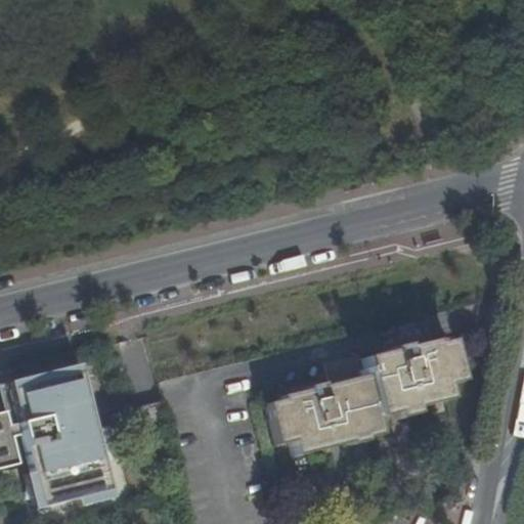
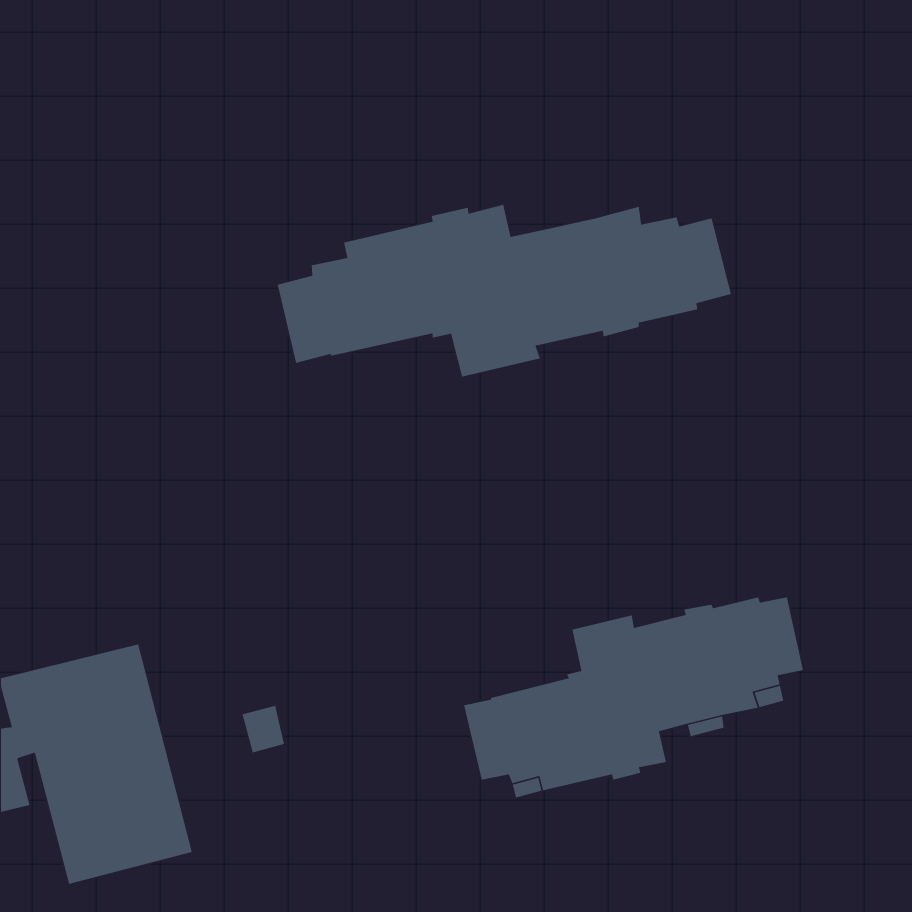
building: none -> [277,204,732,378]

